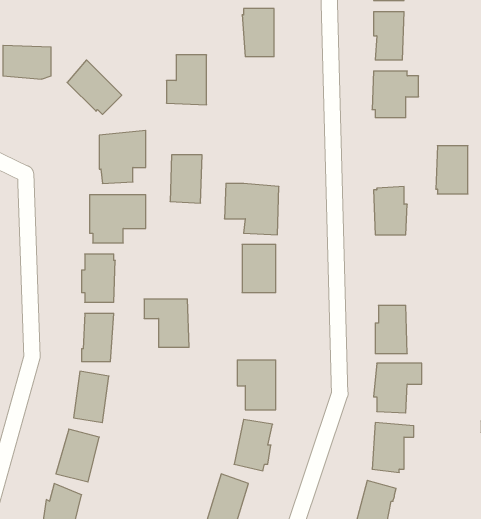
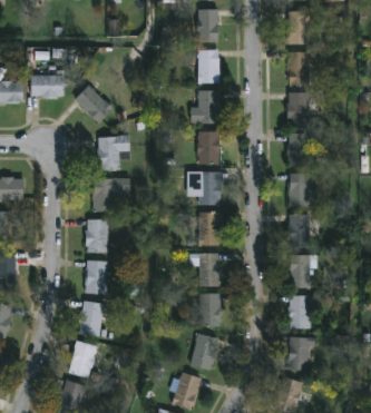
building: [166,55,207,105] -> [192,89,219,124]
building: [436,146,468,194] -> [289,132,311,166]
building: [170,155,202,203] -> [198,131,221,165]
building: none -> [290,213,322,243]
building: [144,299,189,347] -> [189,253,221,286]

